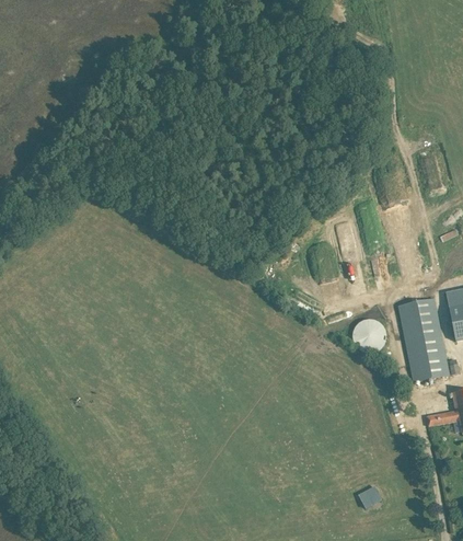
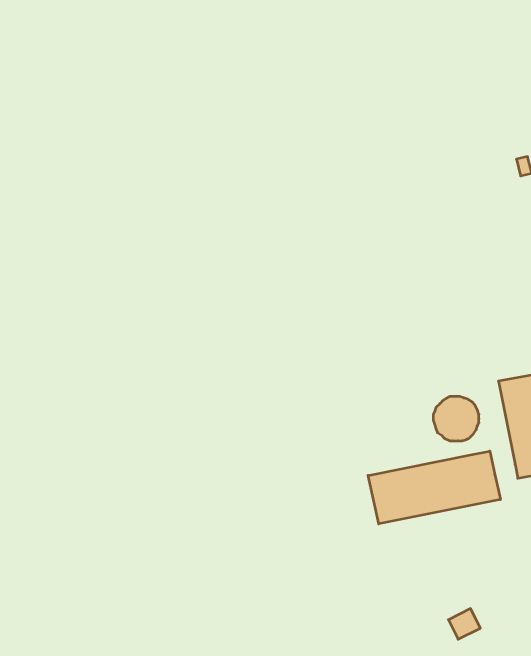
building: none -> [368,451,500,524]

